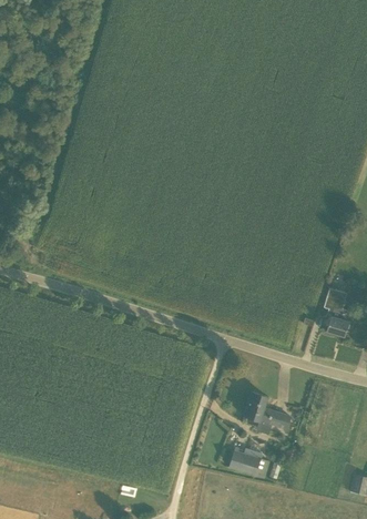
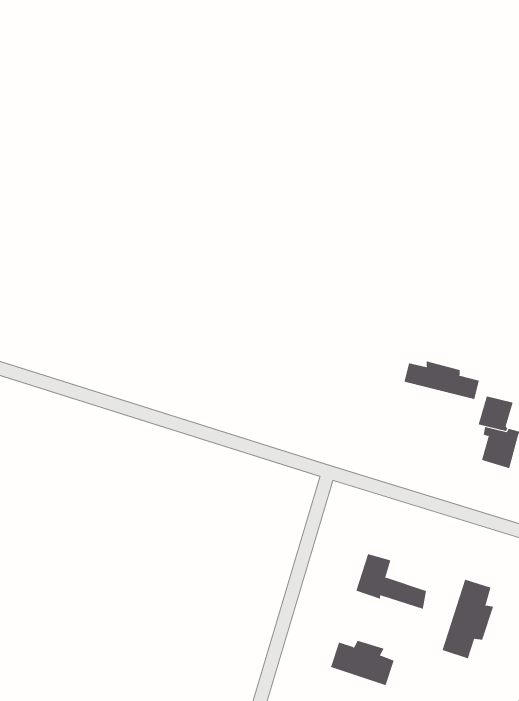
building: none -> [404,361,479,400]
building: none -> [442,579,494,659]

